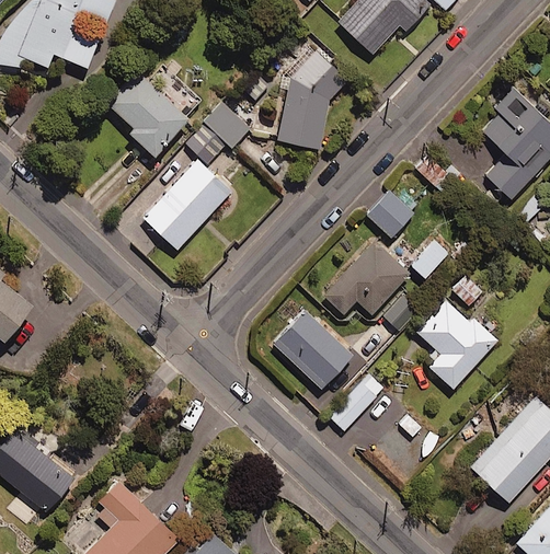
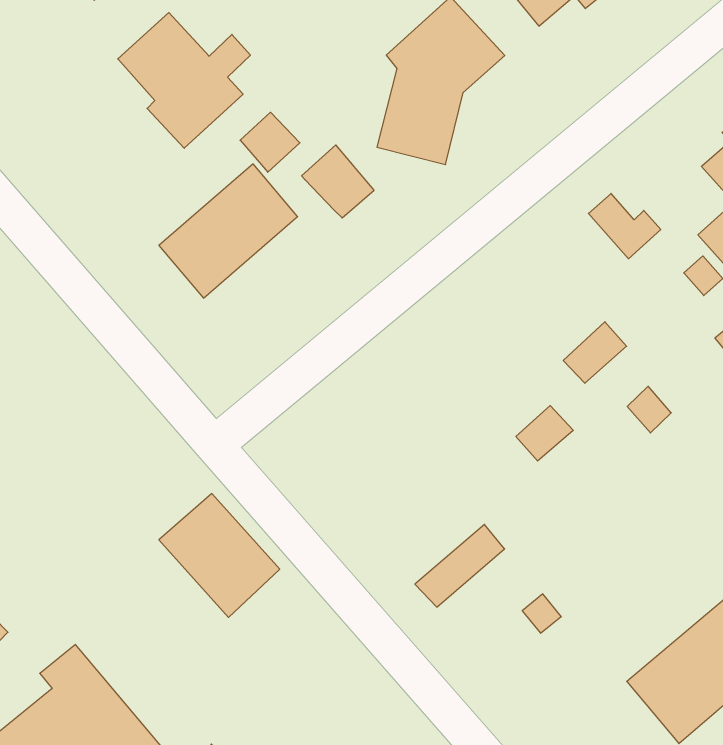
building: [204,103,251,149] -> [302,145,374,218]
building: [367,192,414,239] -> none
building: [323,243,408,314] -> none
building: [417,301,506,389] -> none
building: [274,315,353,393] -> [159,494,280,617]

